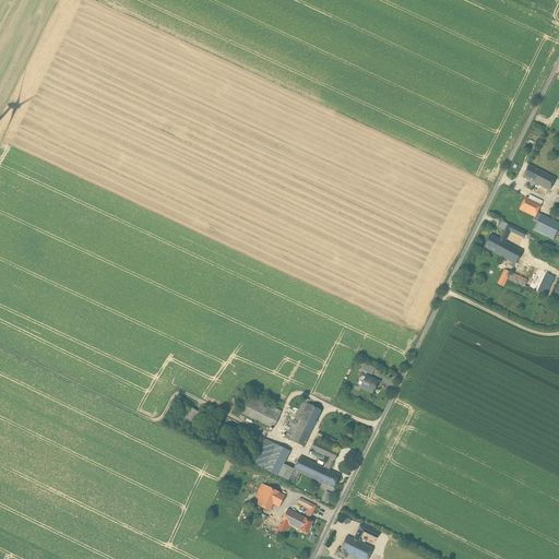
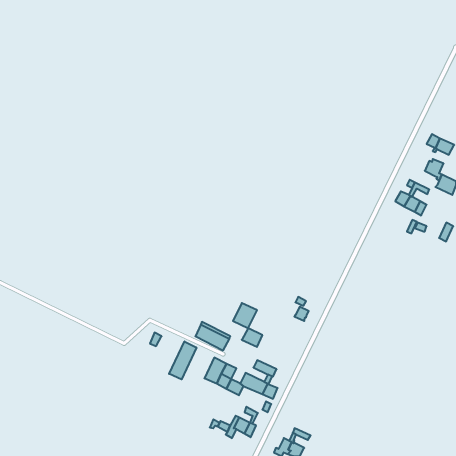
building: [285,415,314,445] -> [233,303,257,328]
building: none -> [169,341,196,379]
building: [251,483,285,511] -> none

